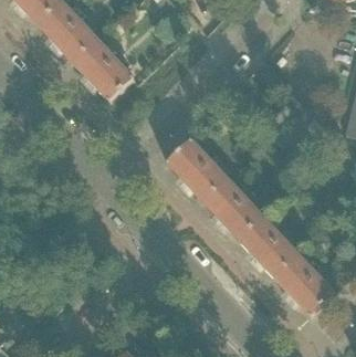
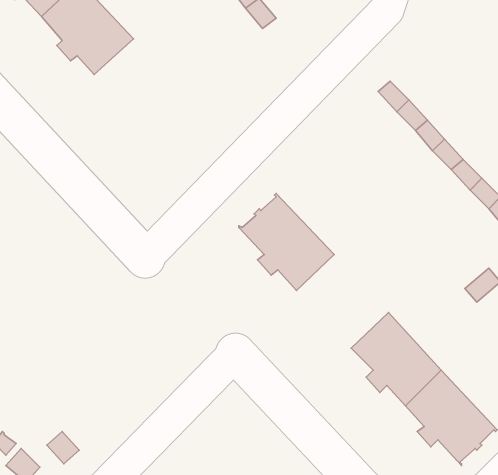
building: [73,39,134,101] -> none
building: [205,179,264,240] -> none

